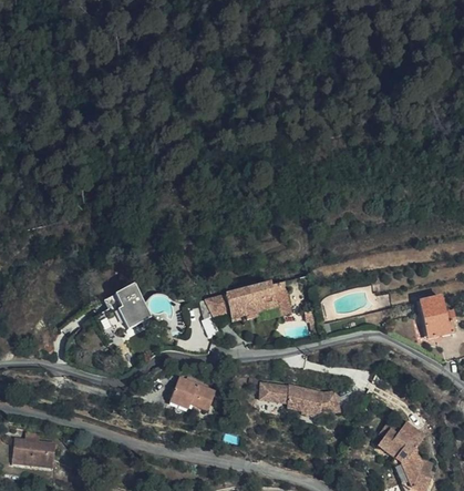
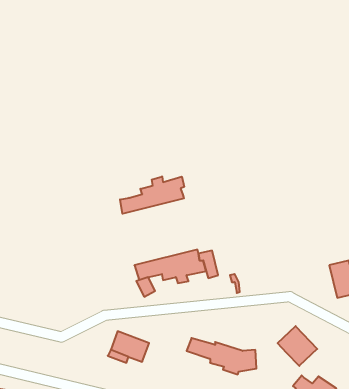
building: none -> [120,176,184,214]
building: [103,282,151,328] -> none
building: none -> [278,326,317,366]

